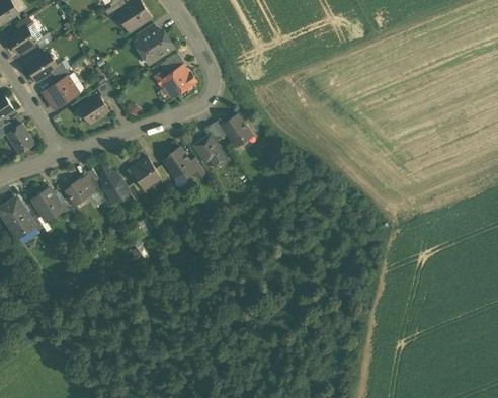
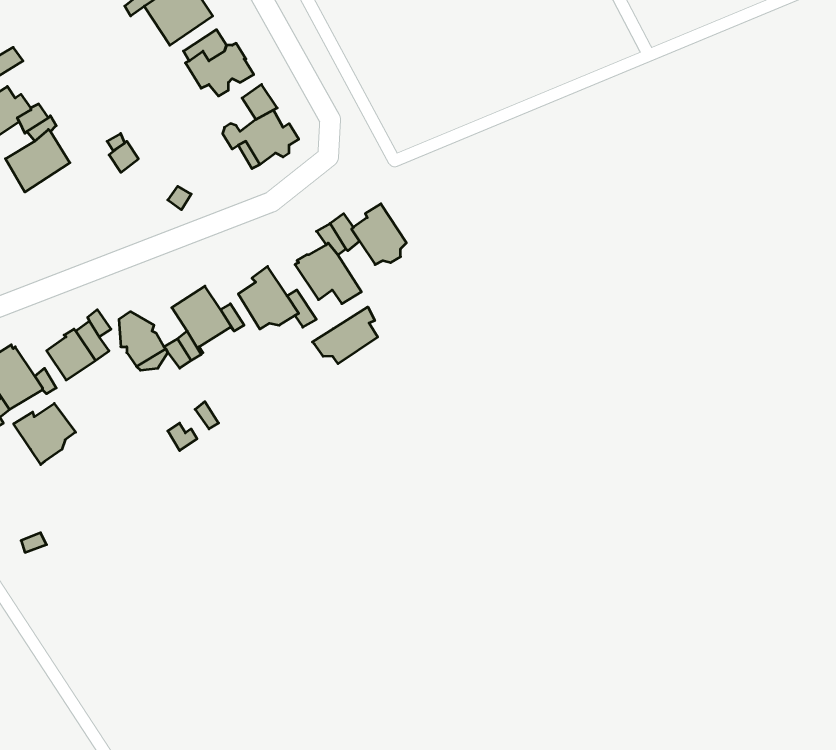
building: [78,95,108,125] -> none
building: none -> [312,307,378,364]
building: none -> [14,403,76,465]

